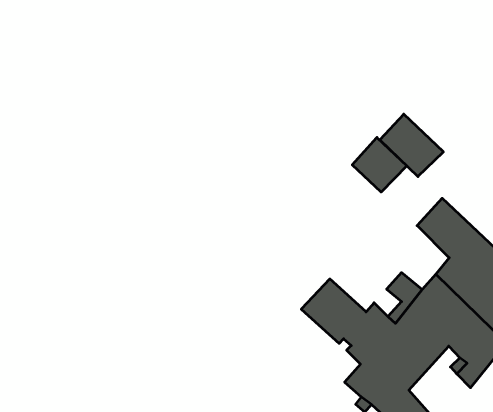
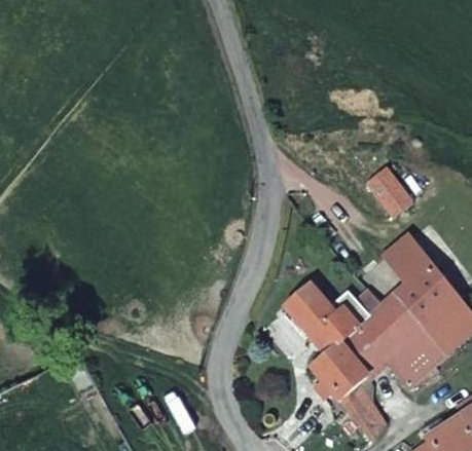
building: [352,137,407,192] -> none

